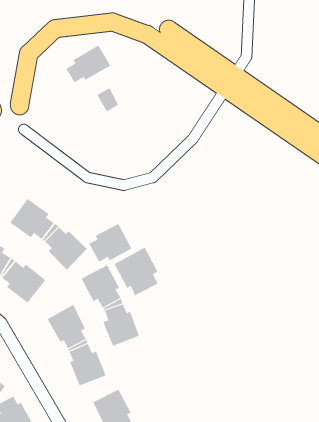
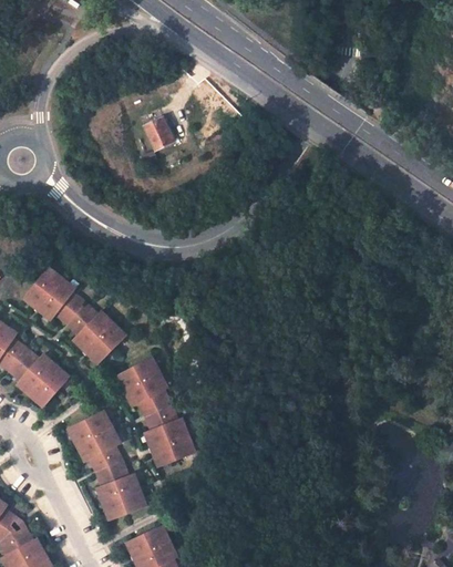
building: [65,44,111,83] -> none
building: [88,223,132,263] -> none
building: [114,247,158,296] -> none

